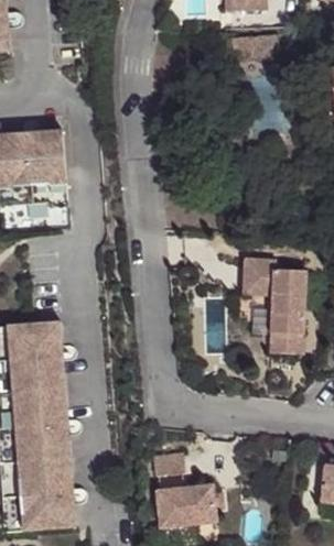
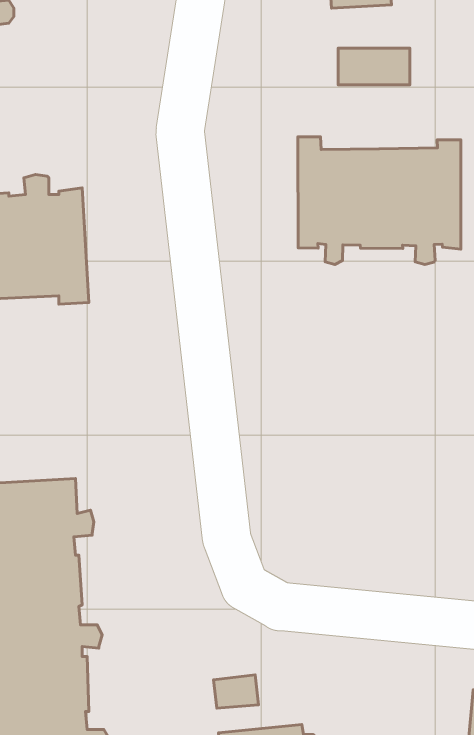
building: none -> [298,137,461,264]
building: [241,255,304,351] -> none

